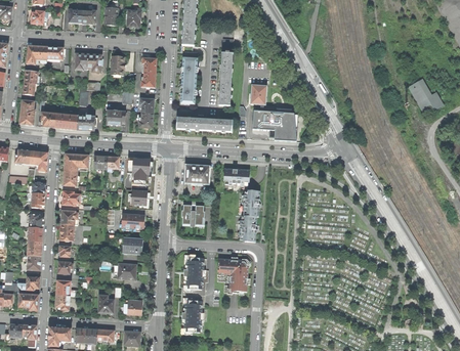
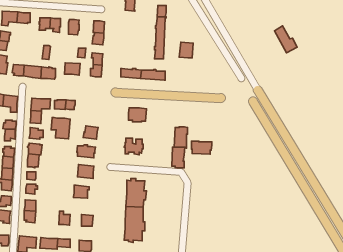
building: [180,50,198,103] -> none
building: [411,78,440,112] -> [274,26,297,53]
building: [252,109,298,140] -> none
building: [126,157,150,183] -> [51,117,70,139]
building: [223,168,249,184] -> [191,141,212,154]
building: [217,258,249,292] -> none

